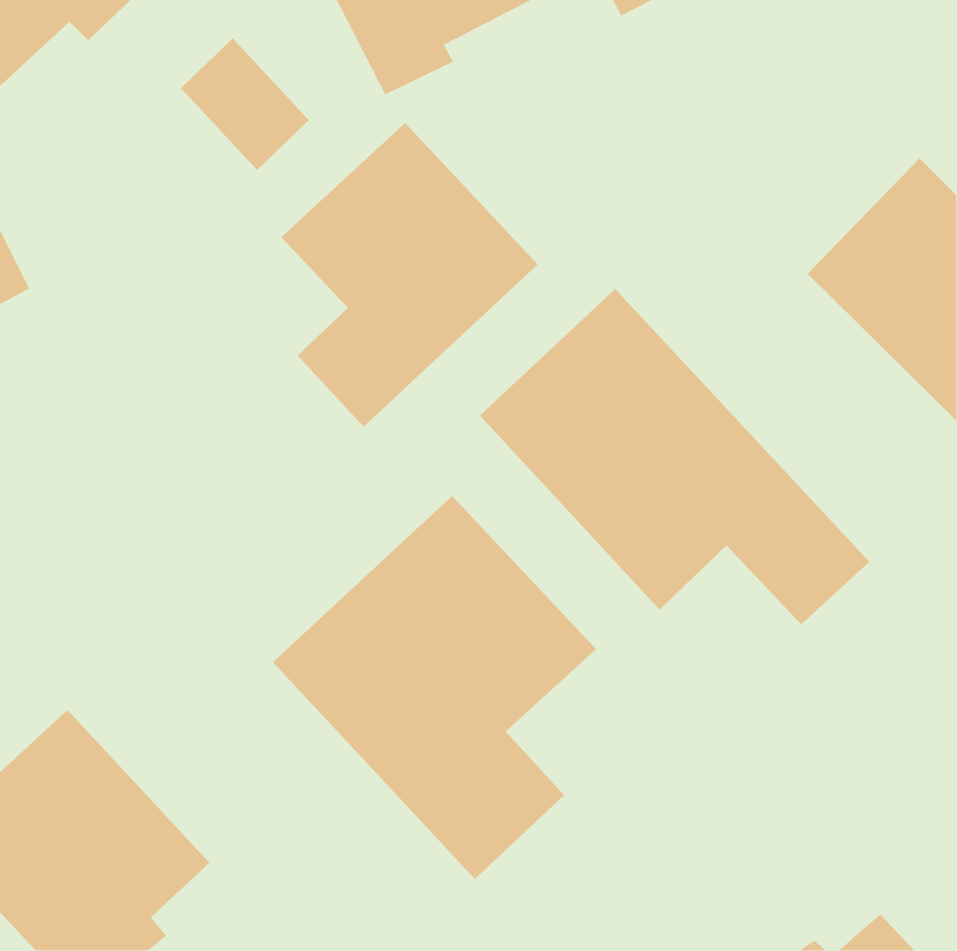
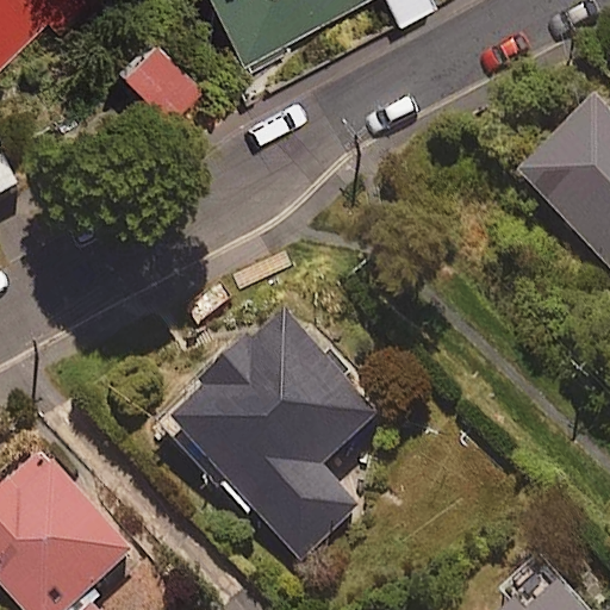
building: [280,122,538,428] -> none
building: [479,288,870,625] -> none

